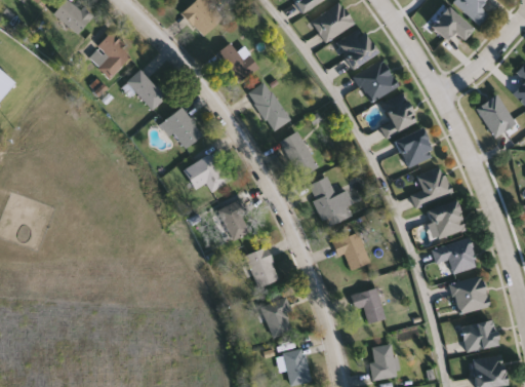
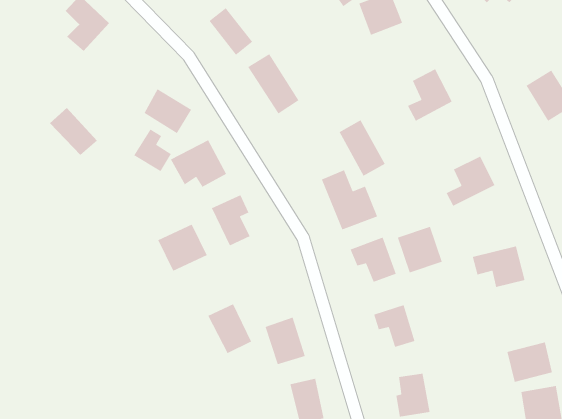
building: [354,60,398,103] -> none
building: [126,70,166,110] -> [49,107,98,156]
building: [395,127,435,168] -> none
building: [279,130,318,178] -> [338,119,386,177]
building: none -> [133,128,172,172]
building: [428,200,466,239] -> [397,226,443,273]
building: none -> [157,223,208,272]
building: [244,246,281,288] -> [207,303,252,354]
building: [448,274,491,315] -> none

